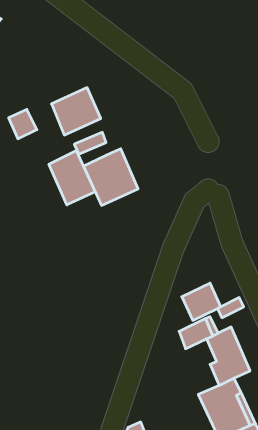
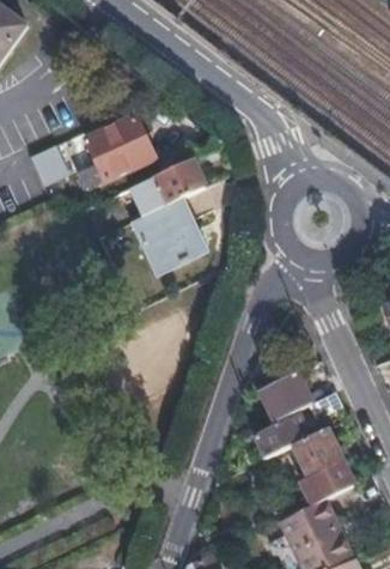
building: none -> [157,159,202,202]
building: [49,150,95,205] -> none

